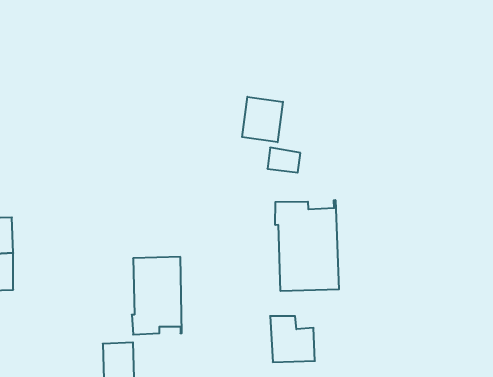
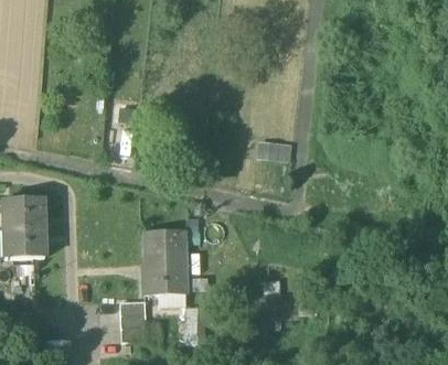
building: [242,97,283,142] -> none
building: [275,200,339,291] -> none

